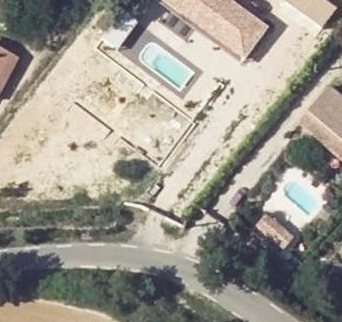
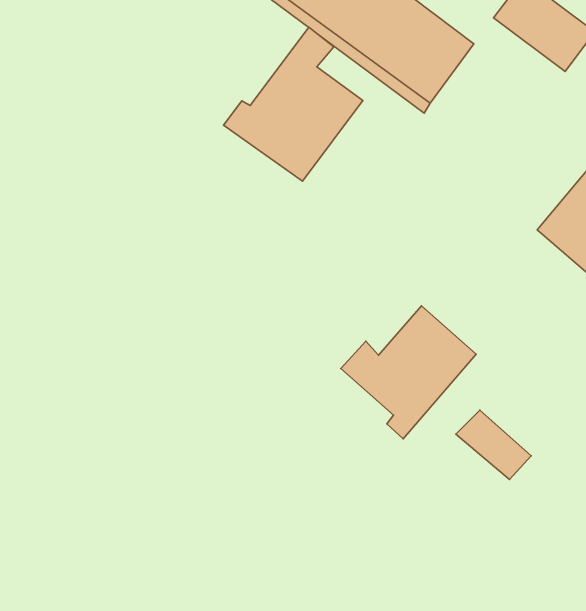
building: none -> [223,27,363,181]
building: none -> [341,306,476,439]

